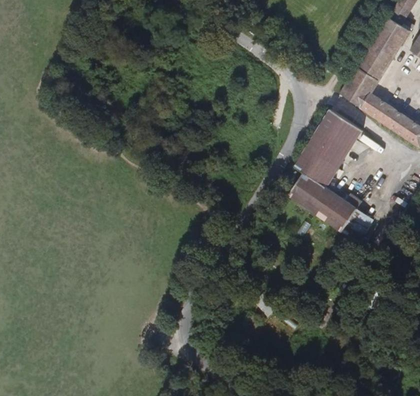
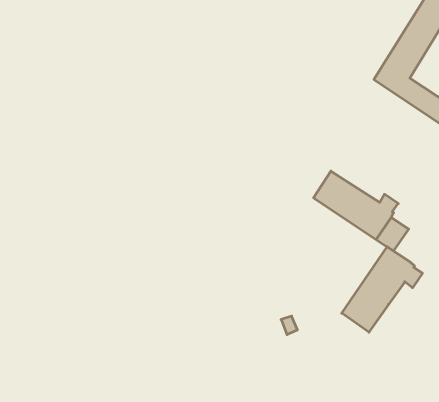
building: [294,109,363,188] -> none
building: none -> [342,247,422,332]

